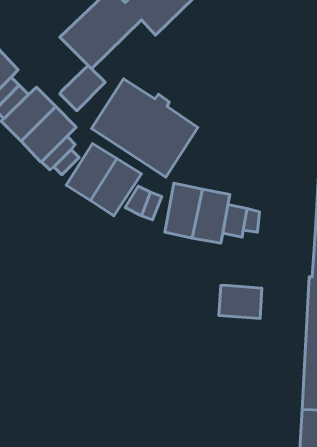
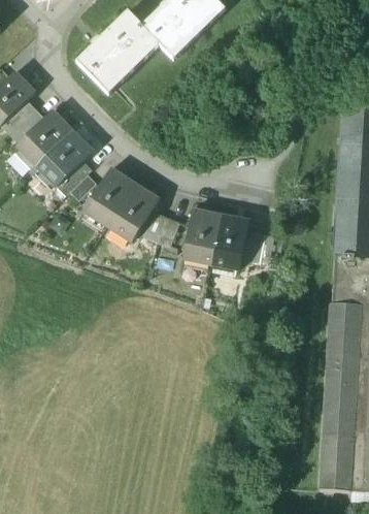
building: [60,65,105,111] -> none
building: [92,79,198,177] -> none
building: [219,285,262,318] -> none

